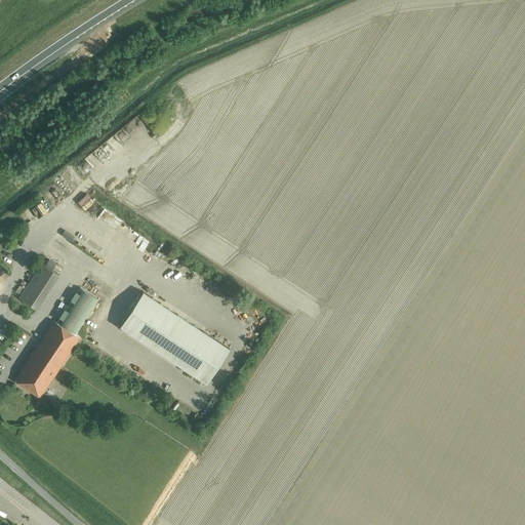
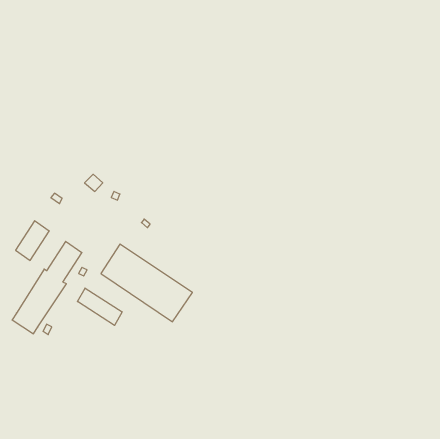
building: none -> [77,288,122,325]

